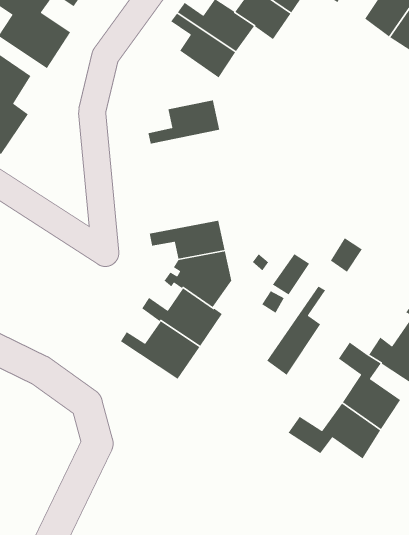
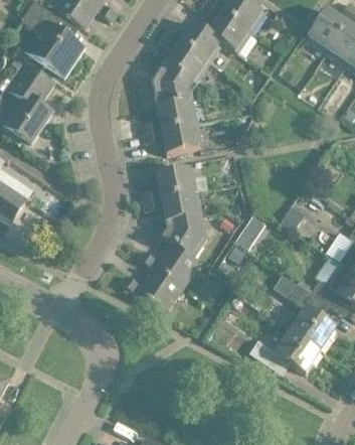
building: none -> [152,61,196,106]
building: none -> [144,122,202,154]
building: none -> [141,166,196,200]
building: [266,285,326,376] -> none

